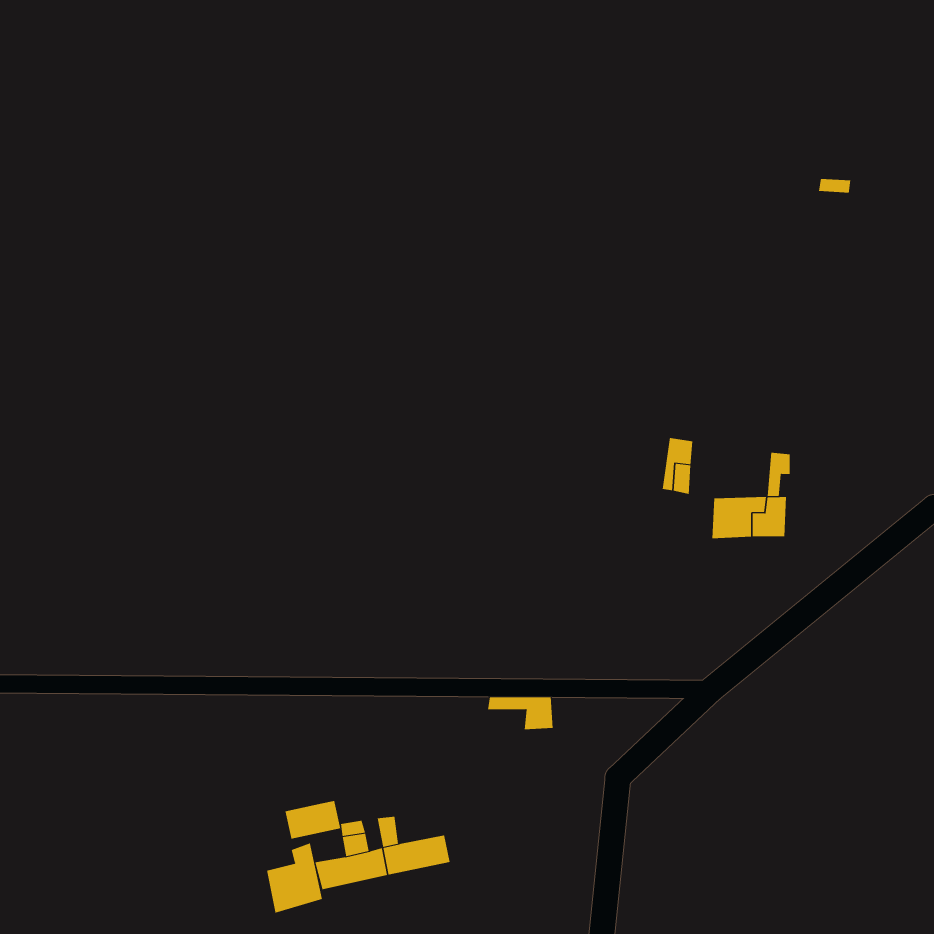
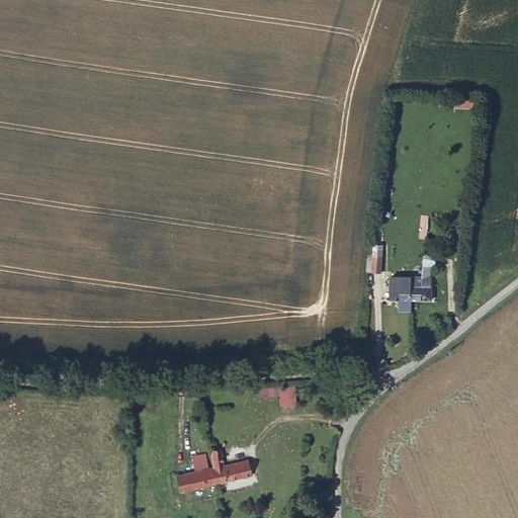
building: [285,800,341,839] -> none
building: [266,843,322,913] -> none

